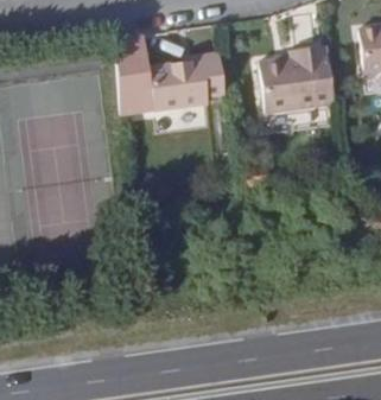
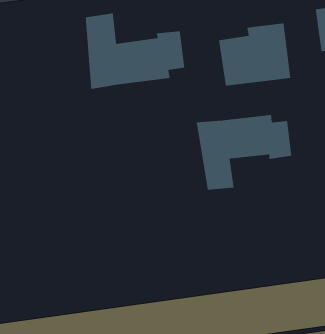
building: none -> [196,114,292,191]

